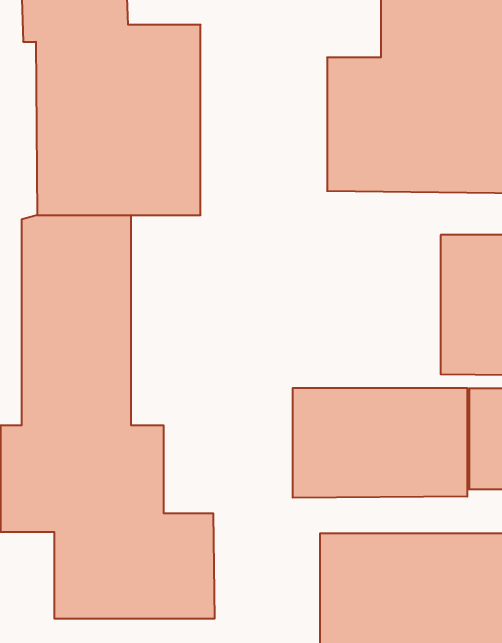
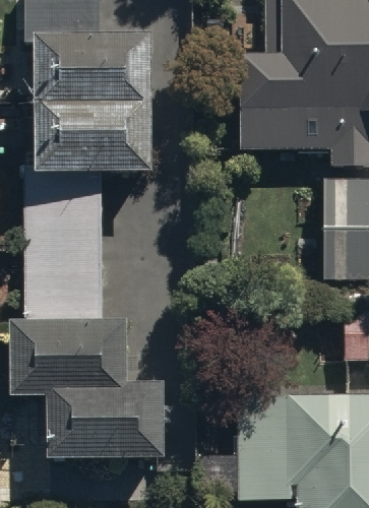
building: [293,388,467,498] -> none

